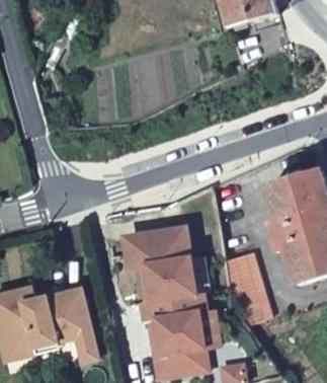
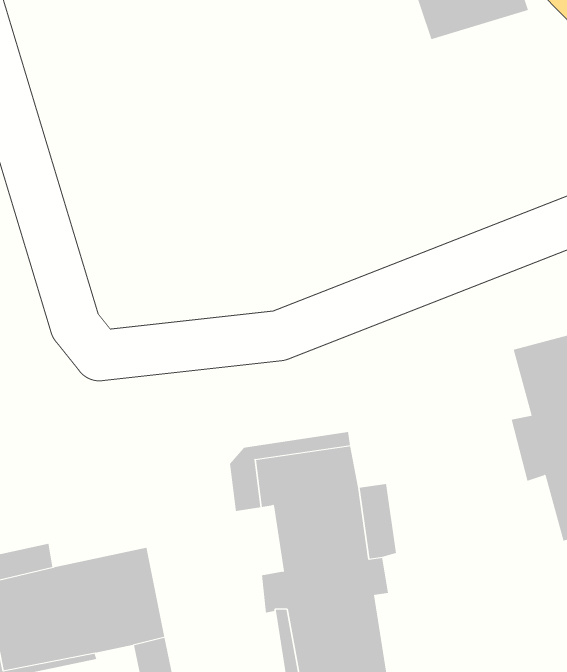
building: [223,249,268,319] -> none

